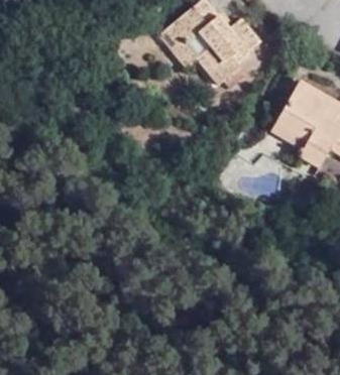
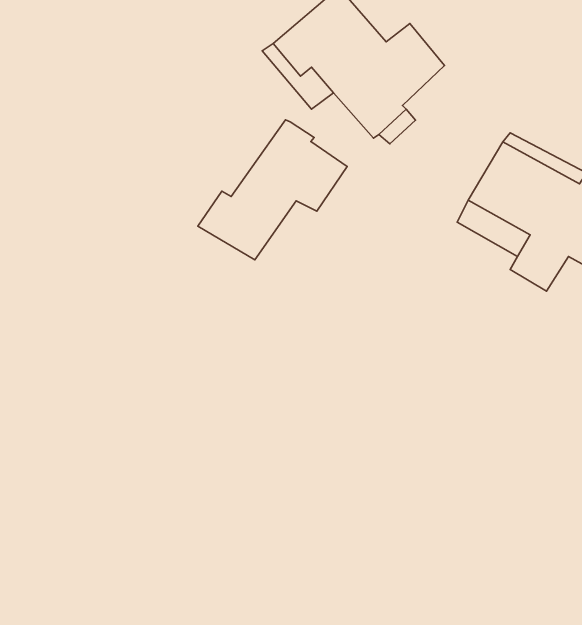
building: none -> [198,120,347,260]

